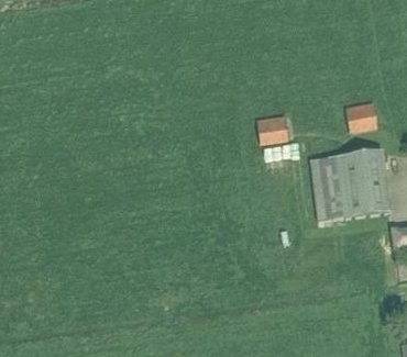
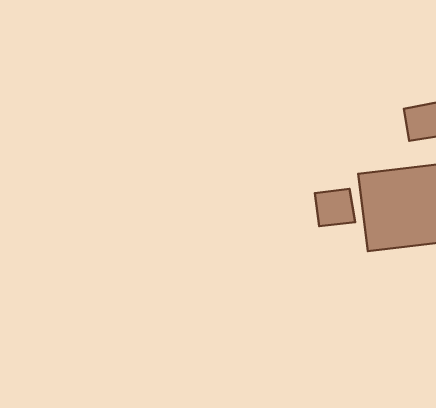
building: [257,114,289,144] -> [315,189,355,226]

